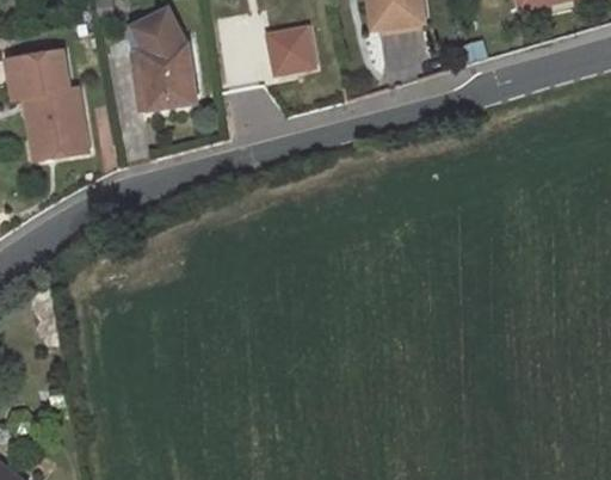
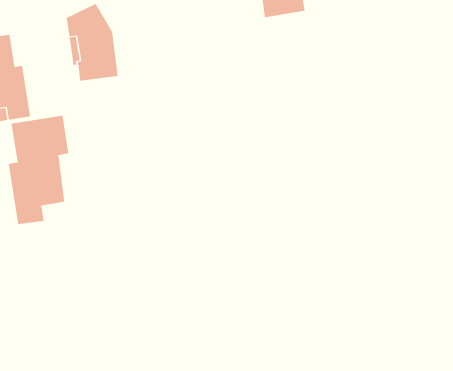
building: [266,23,317,78] -> none
building: none -> [8,115,69,225]

